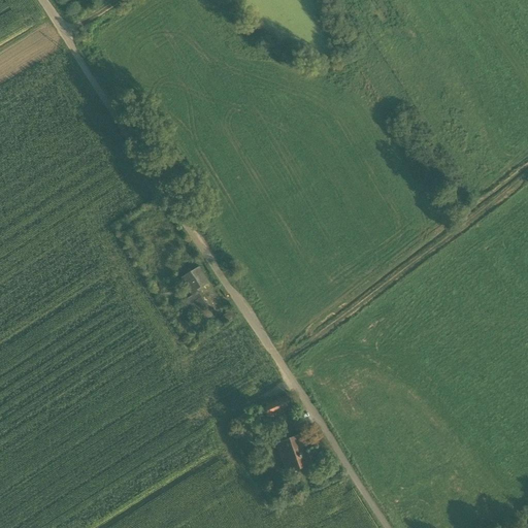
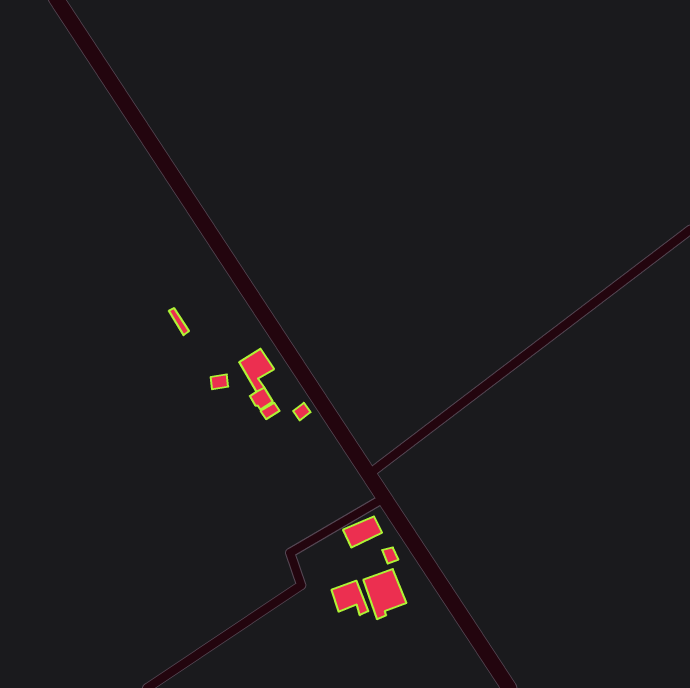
building: none -> [332,581,368,615]

